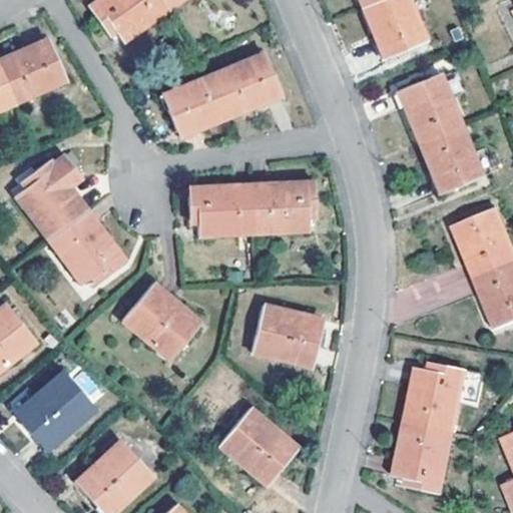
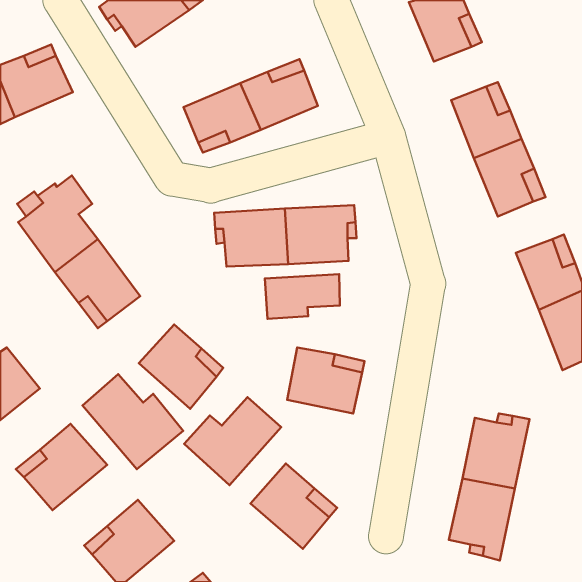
building: none -> [265,274,340,319]
building: none -> [83,374,183,469]
building: none -> [184,397,281,485]

